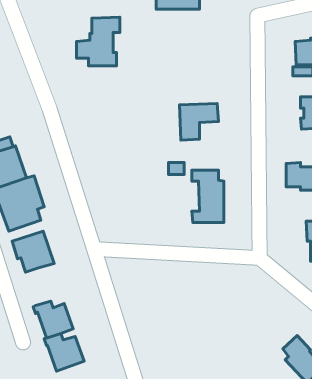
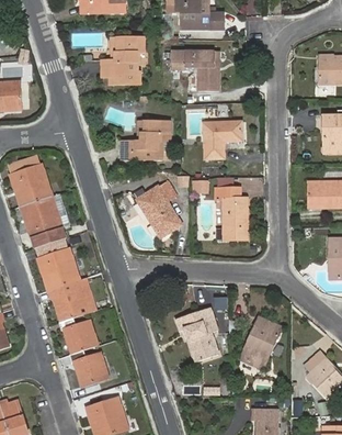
building: none -> [170,51,218,90]
building: none -> [119,120,170,160]
building: none -> [137,181,179,231]
building: none -> [47,278,103,322]
building: none -> [175,306,218,361]
building: none -> [240,317,280,368]

